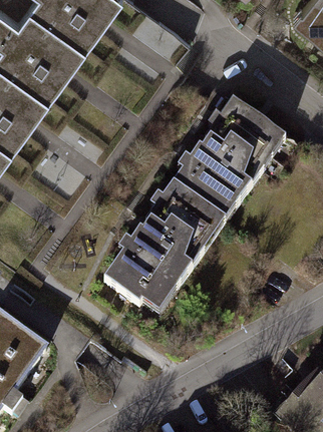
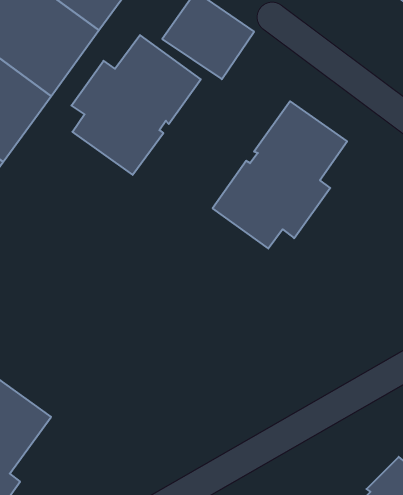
building: none -> [71,35,201,175]
building: [101,188,213,308] -> none

